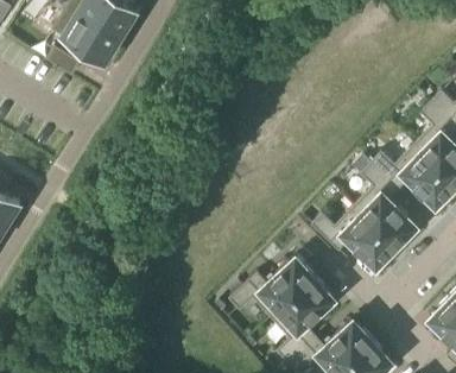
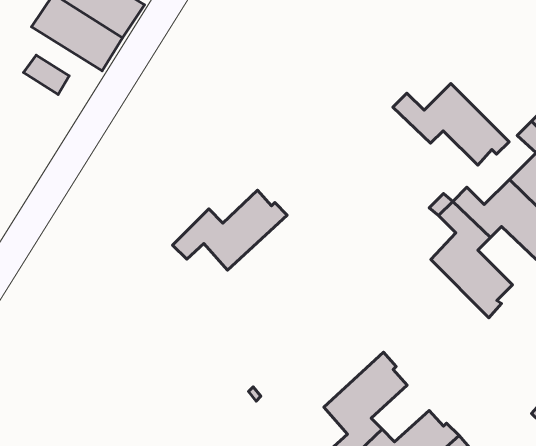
building: [310,207,398,268] -> [393,84,509,165]
building: [232,258,318,318] -> [173,190,287,270]

